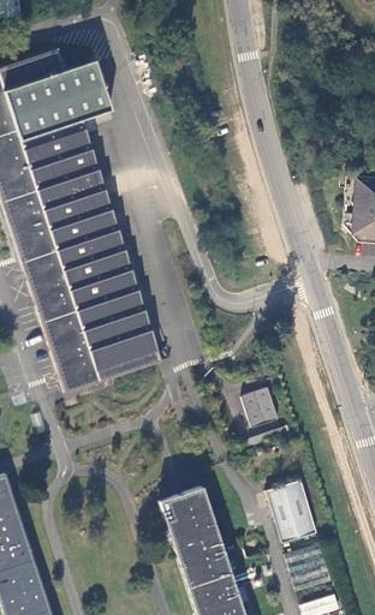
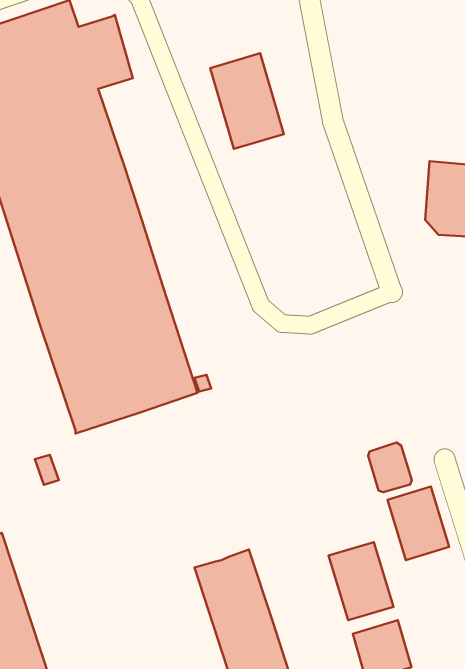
building: none -> [210,53,284,149]
building: [242,387,276,426] -> [368,442,412,492]
building: none -> [387,487,449,560]

